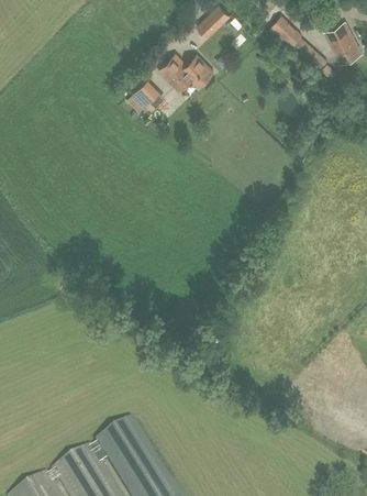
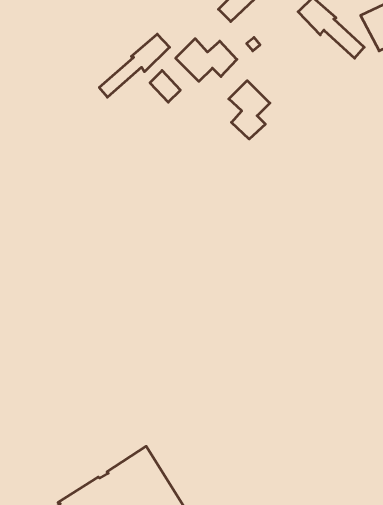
building: none -> [99,34,170,97]
building: none -> [229,81,270,139]

